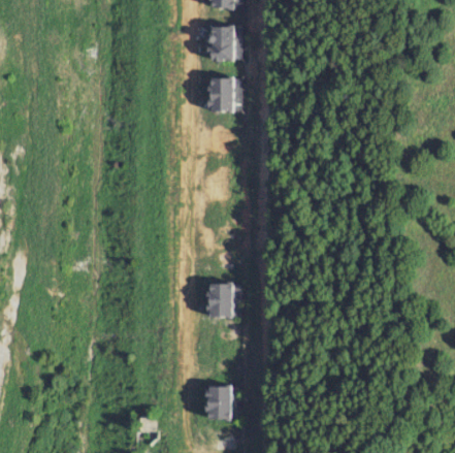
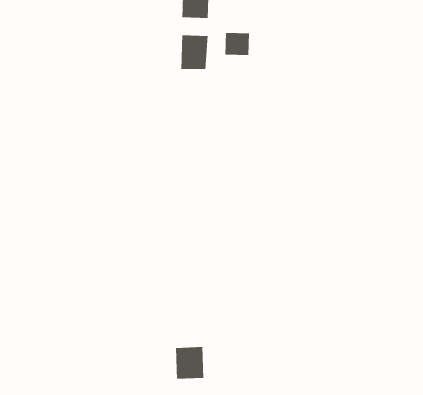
building: none -> [224,32,250,56]
building: [206,284,231,318] -> none

